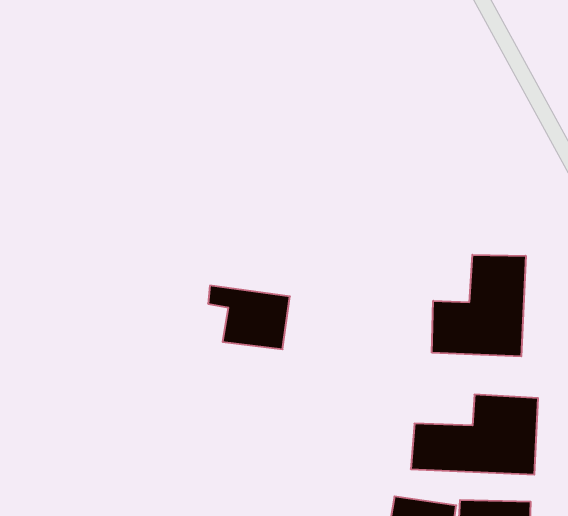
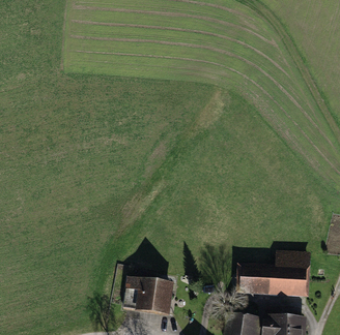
building: [432,255,526,356] -> none
building: [208,286,290,349] -> [126,277,173,313]

